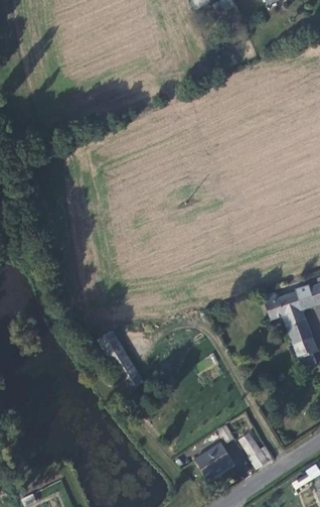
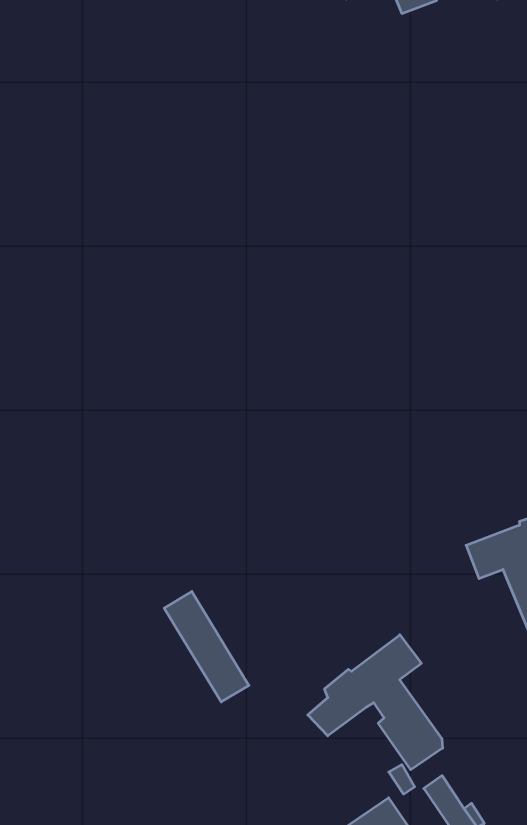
building: none -> [308,635,443,770]

